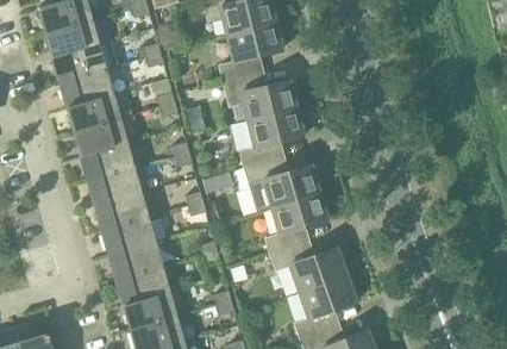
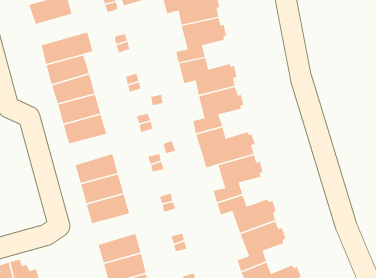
building: [45,19,99,57] -> none
building: [87,168,142,206] -> none
building: [115,267,170,305] -> none

